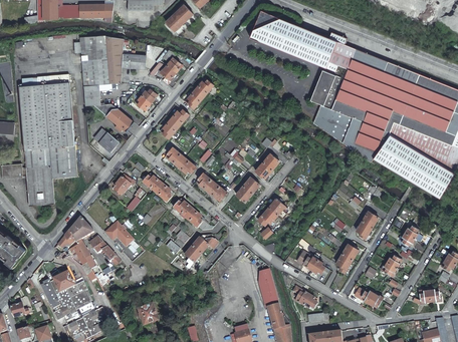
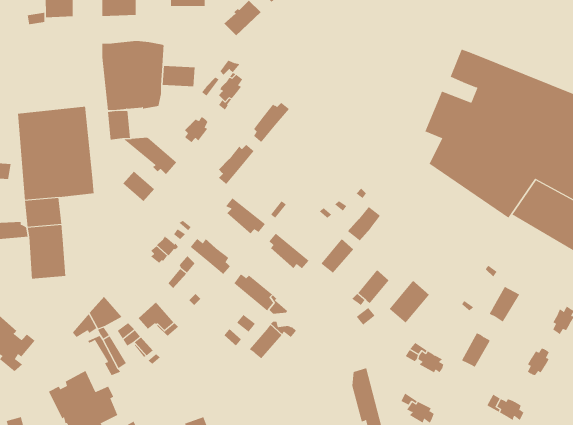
building: [247,11,346,72] -> none
building: [48,144,76,178] -> none
building: none -> [389,280,430,324]

